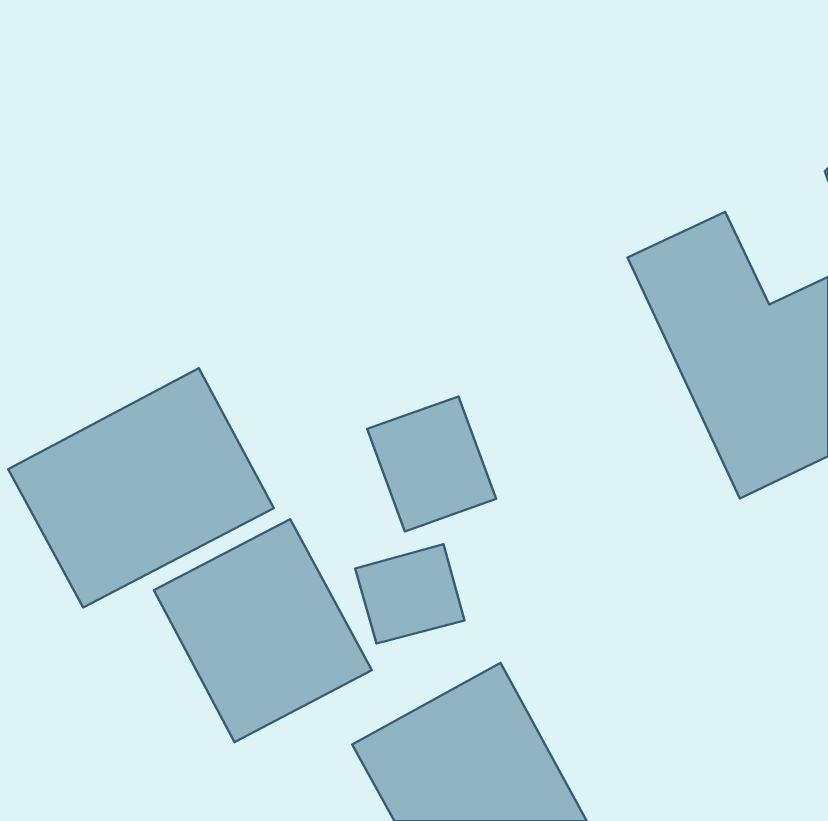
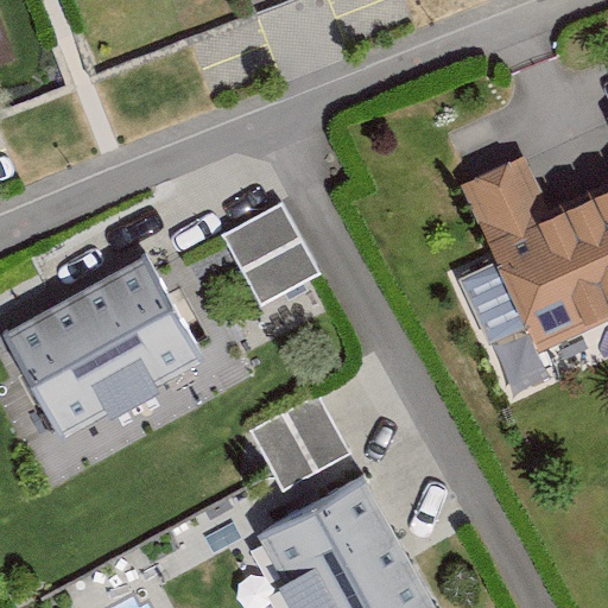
building: [367,396,496,532] -> [221,194,315,292]
building: [154,519,372,742] -> none

